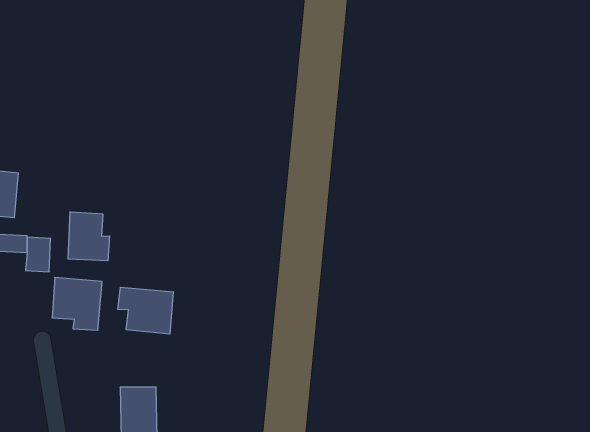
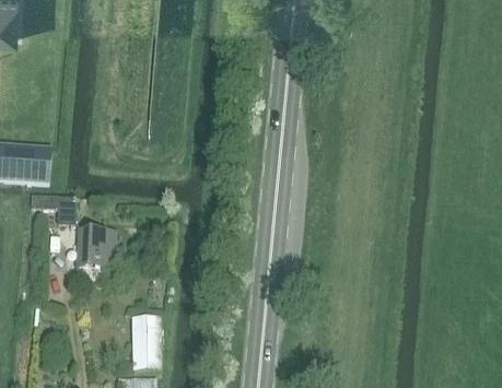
building: [68,212,109,261] -> none
building: [118,287,173,334] -> none

